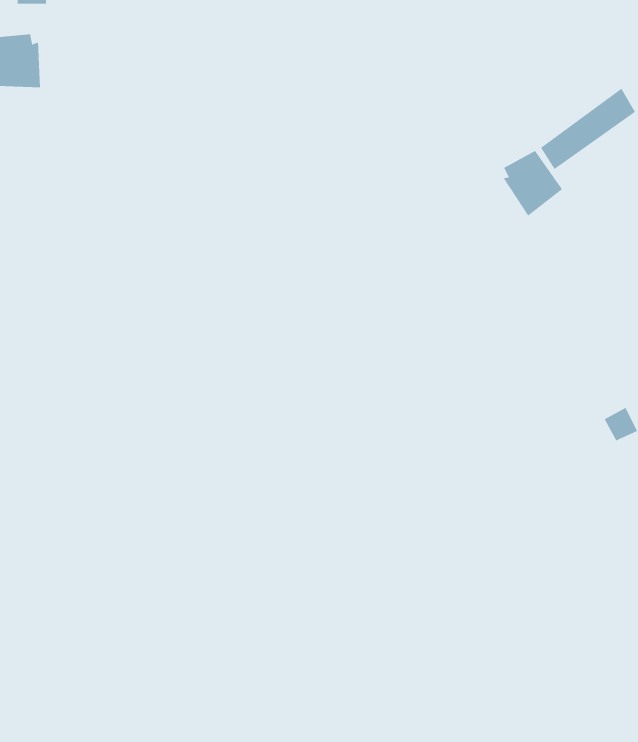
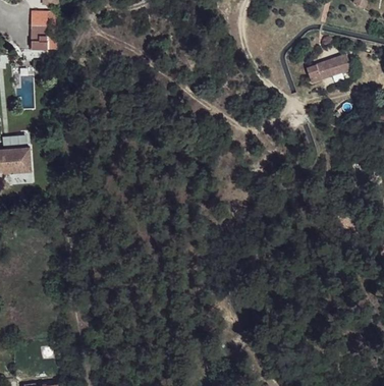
building: [503,150,563,217] -> none

